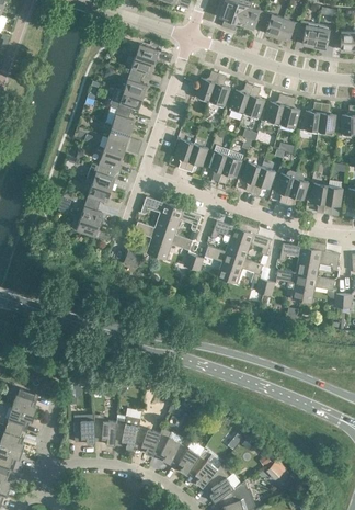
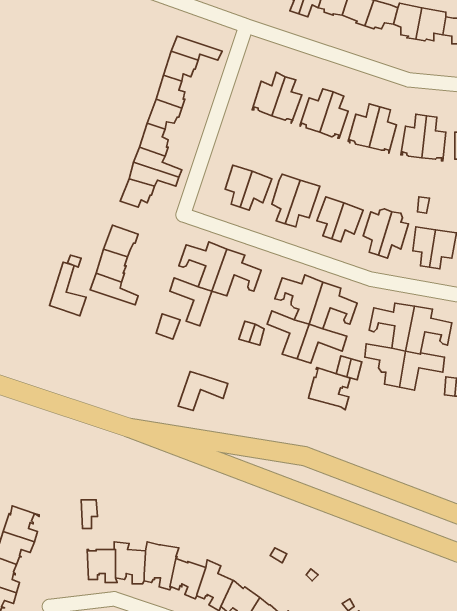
building: [85,163,114,190] -> none
building: none -> [50,262,86,316]
building: [156,231,192,260] -> [178,372,228,411]
building: none -> [308,367,350,410]

